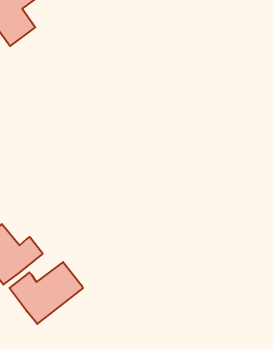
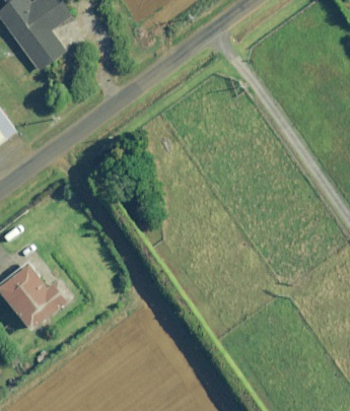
building: [9,262,83,324] -> none

